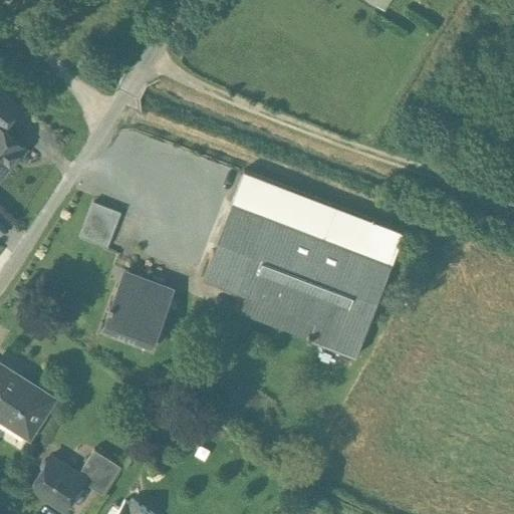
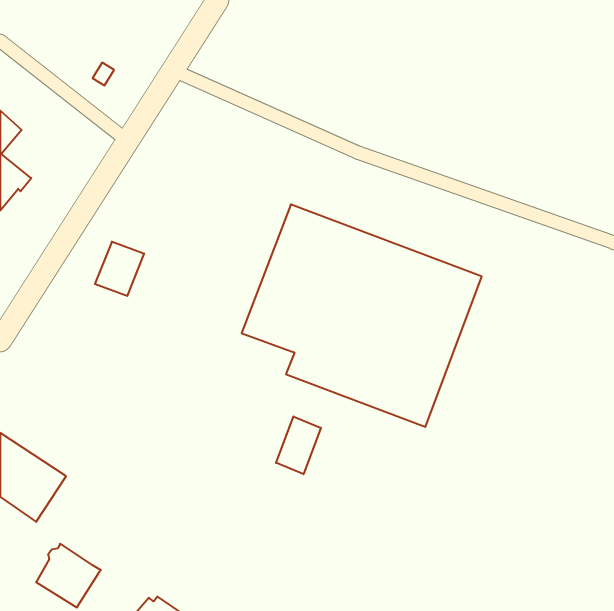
building: [103,275,173,338] -> none
building: none -> [276,416,321,474]
building: [77,450,120,495] -> none

